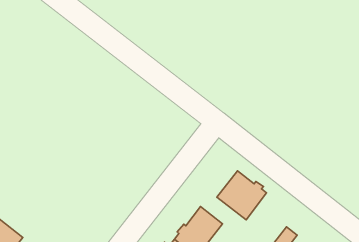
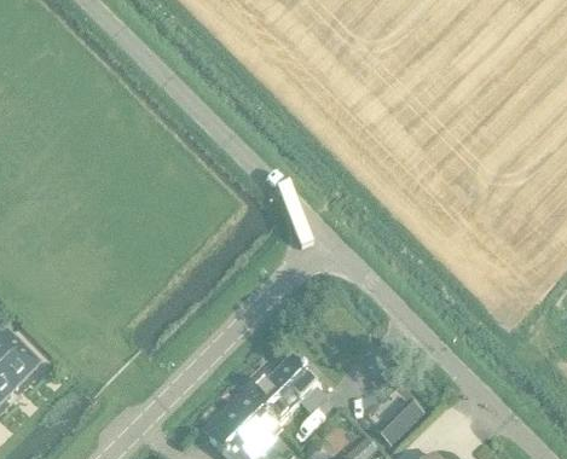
building: [217,171,267,220] -> none

